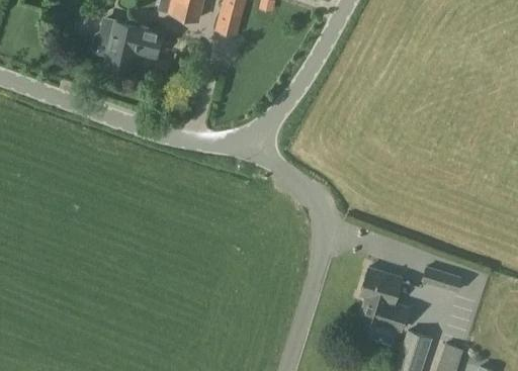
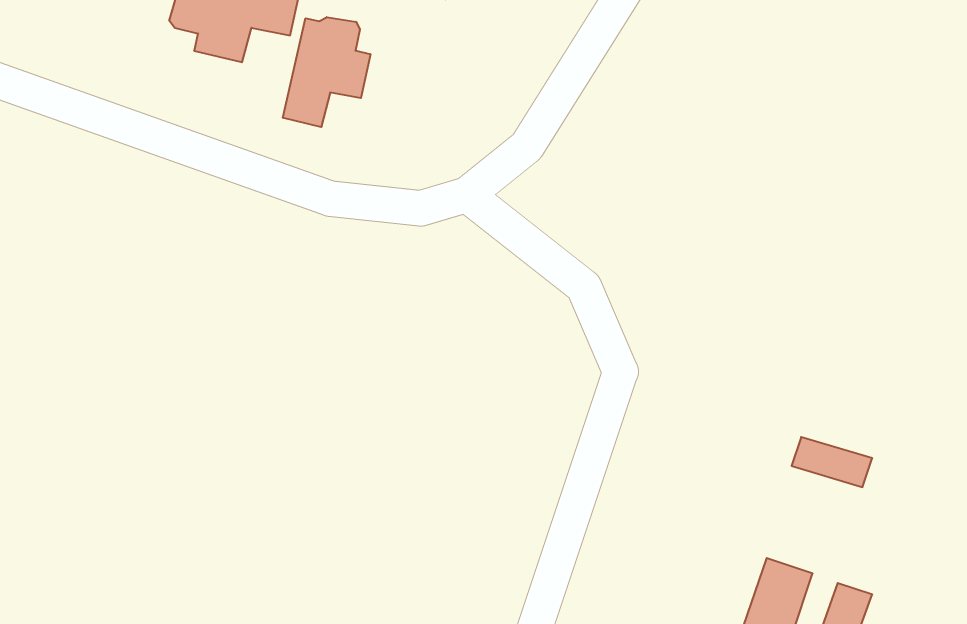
building: none -> [283,17,370,127]
building: [360,270,409,330] -> none

